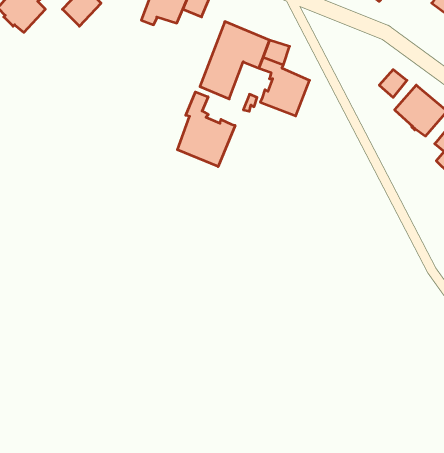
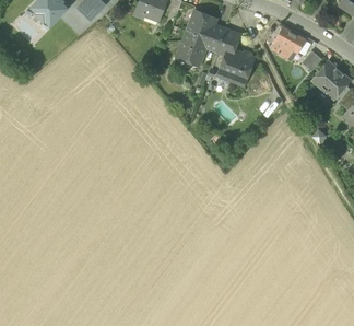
building: none -> [270,26,304,58]
building: [177,92,235,167] -> none

